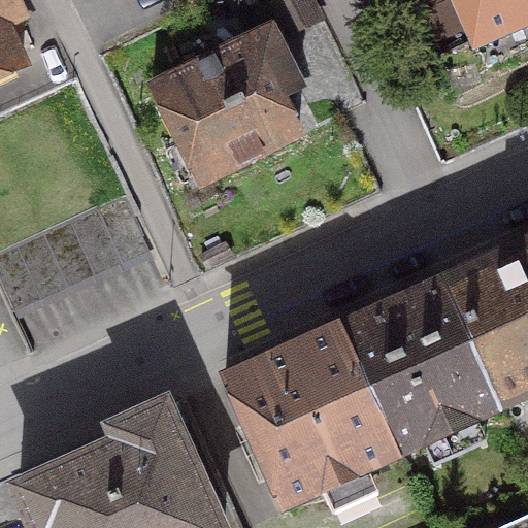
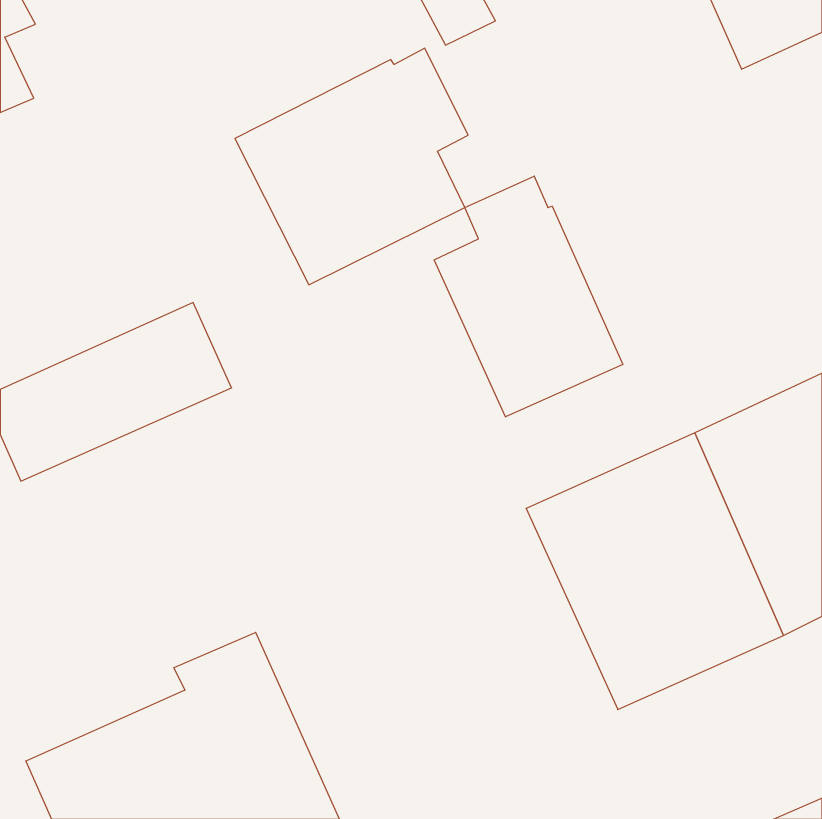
building: none -> [434,176,623,417]
building: [224,326,396,506] -> none

